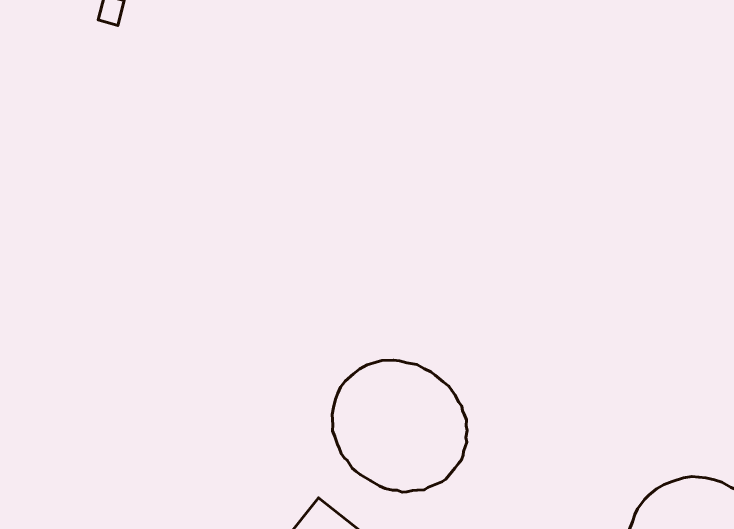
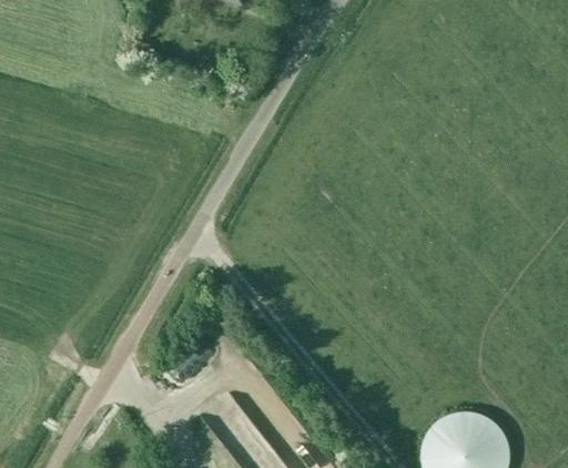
building: [332,360,467,492] -> none

